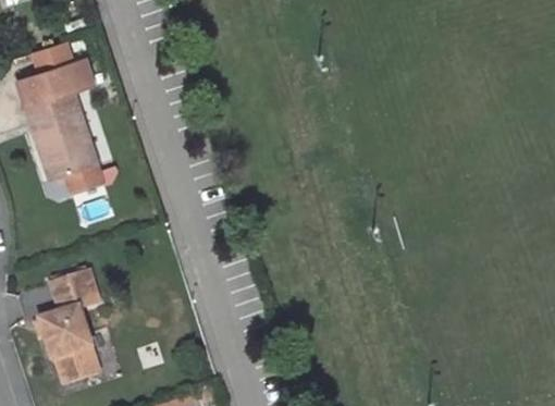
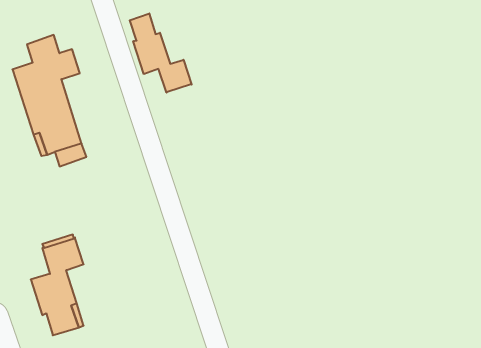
building: none -> [130,13,192,93]

